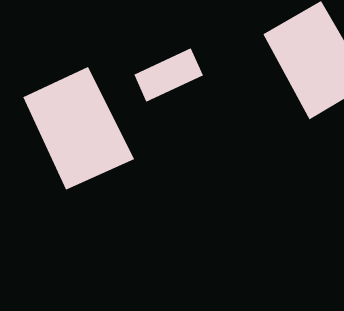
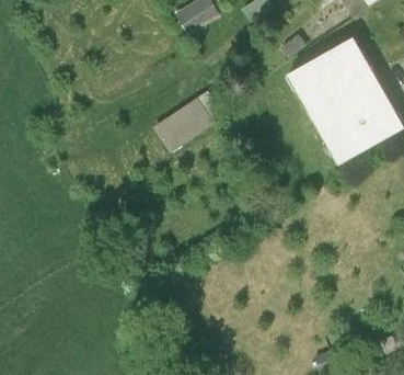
building: [23,66,135,191] -> none

